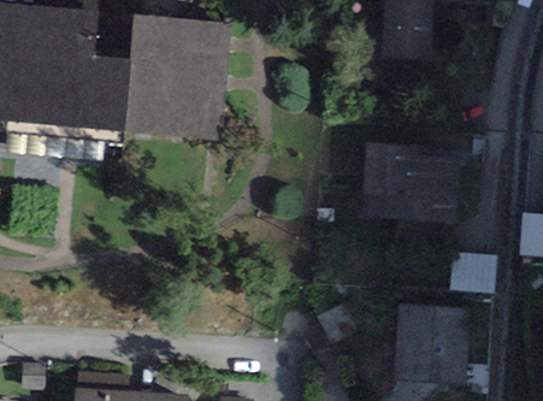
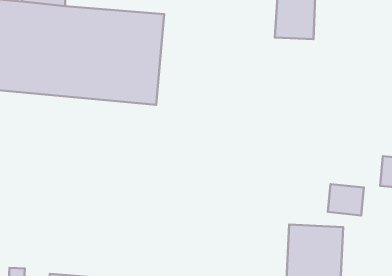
building: [365,140,465,219] -> none

